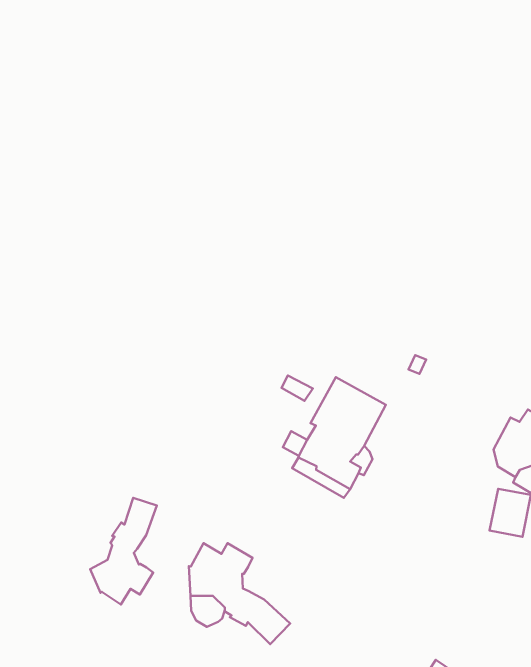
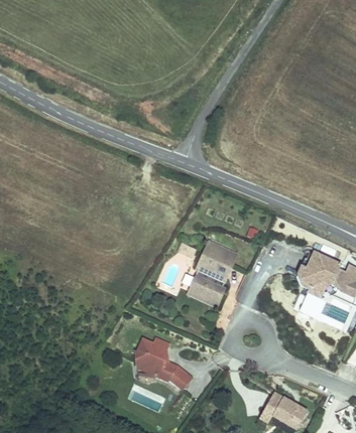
building: [90,498,157,605] -> none

